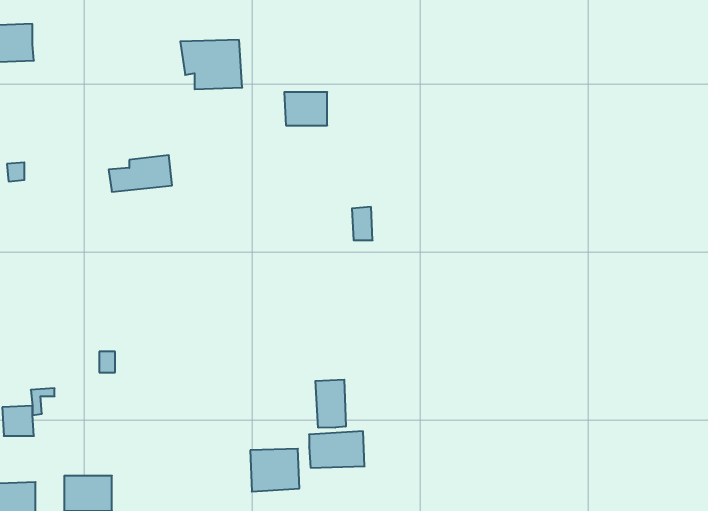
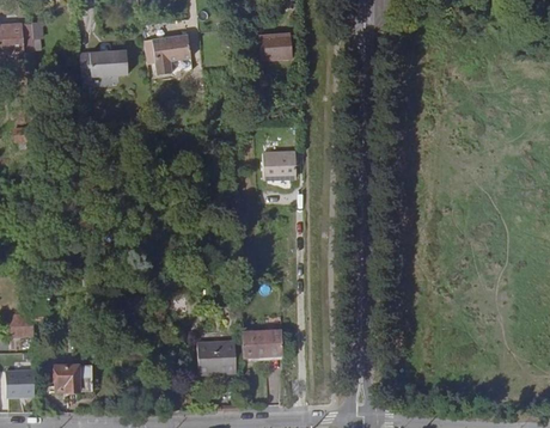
building: [284,92,327,125] -> [258,39,291,65]
building: [109,155,172,192] -> [80,53,128,80]
building: [315,380,346,428] -> none

